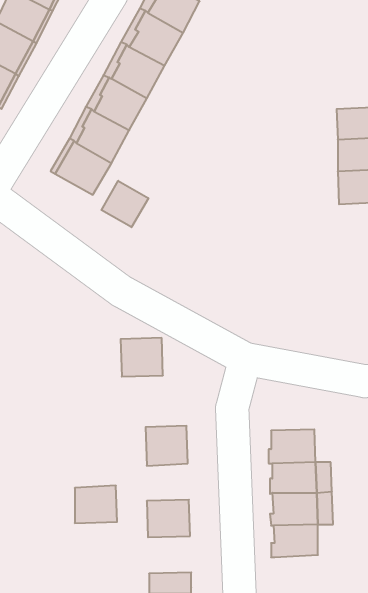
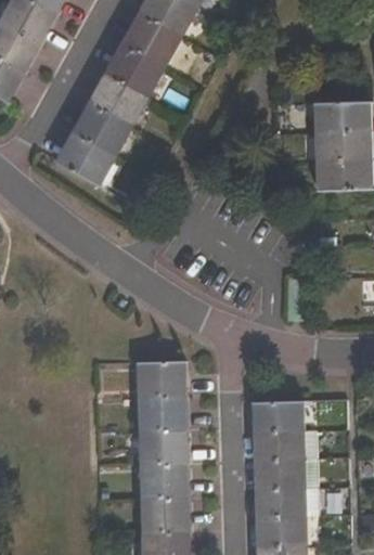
building: [101,181,148,227] -> none
building: [121,338,163,377] -> [142,362,181,398]
building: [75,486,117,523] -> [144,431,183,466]
building: none -> [145,499,185,533]
building: none -> [260,516,304,546]

